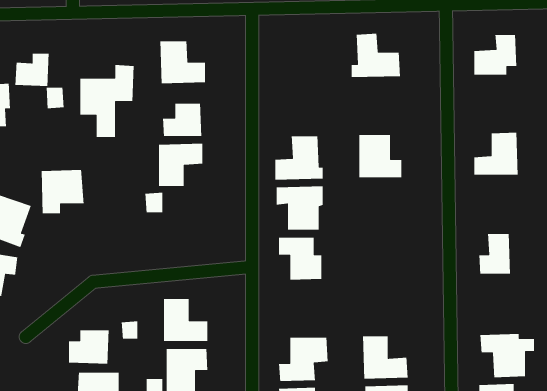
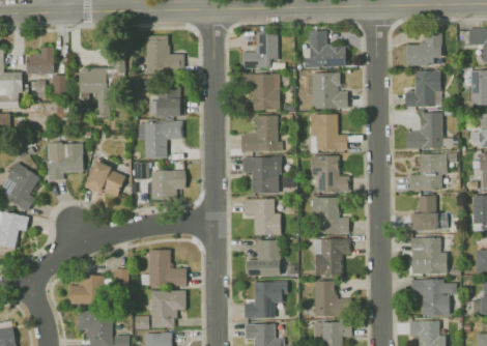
building: none -> [244,33,279,68]
building: none -> [405,70,441,107]
building: none -> [312,73,348,109]
building: none -> [246,74,281,110]
building: none -> [410,153,457,191]
building: none -> [311,155,348,193]
building: none -> [85,161,127,198]
building: none -> [151,170,185,199]
building: none -> [314,198,349,234]
building: none -> [410,237,448,275]
building: none -> [315,238,349,276]
building: none -> [247,240,281,277]

